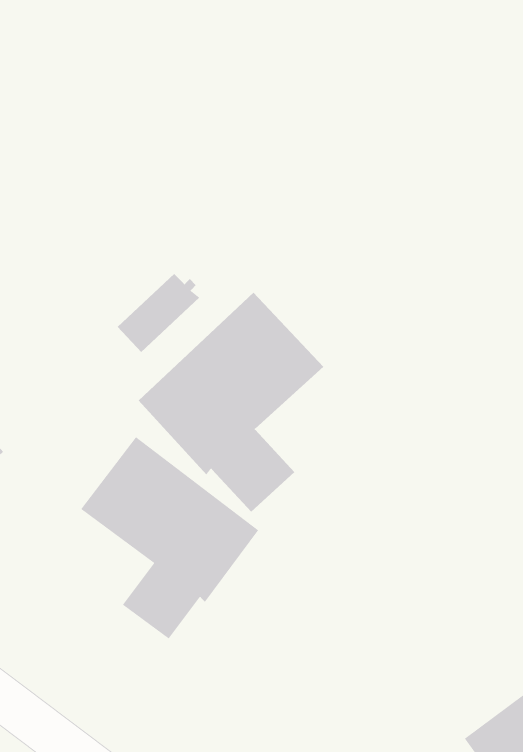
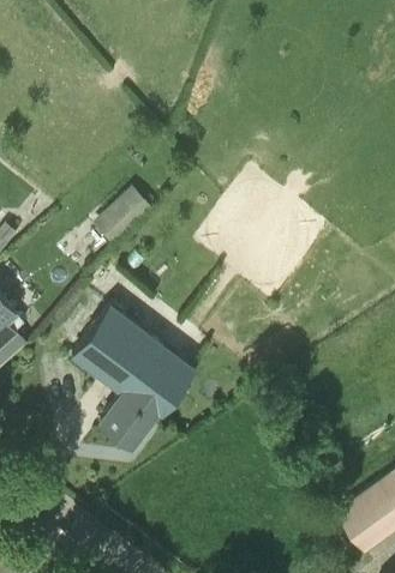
building: [138,292,324,513] -> none

